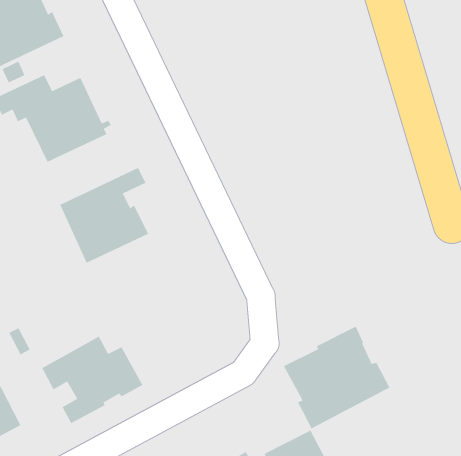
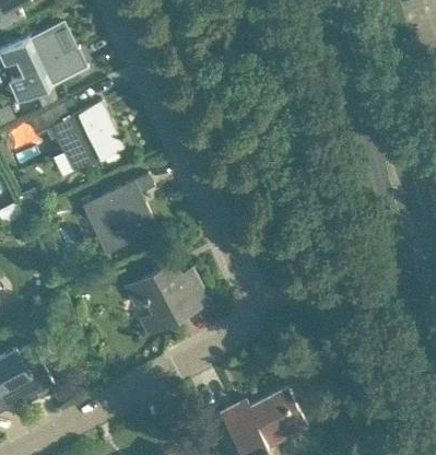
building: [283,325,399,429] -> none
building: [41,335,143,424] -> [126,261,209,334]

